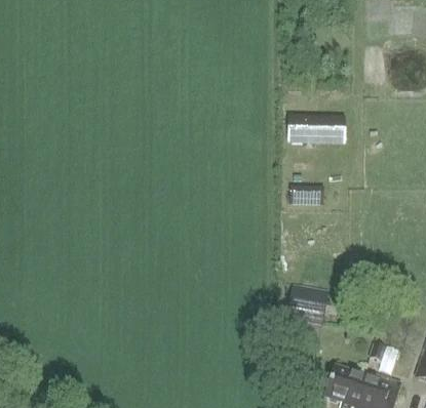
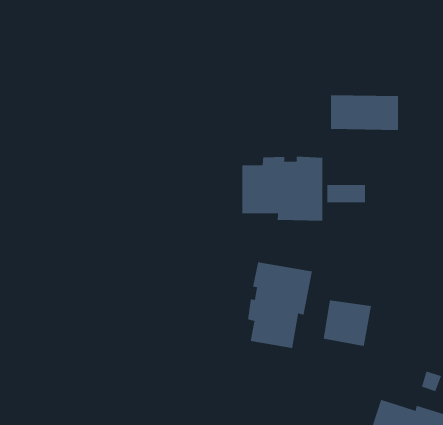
building: none -> [242,156,323,221]
building: none -> [247,261,312,349]

